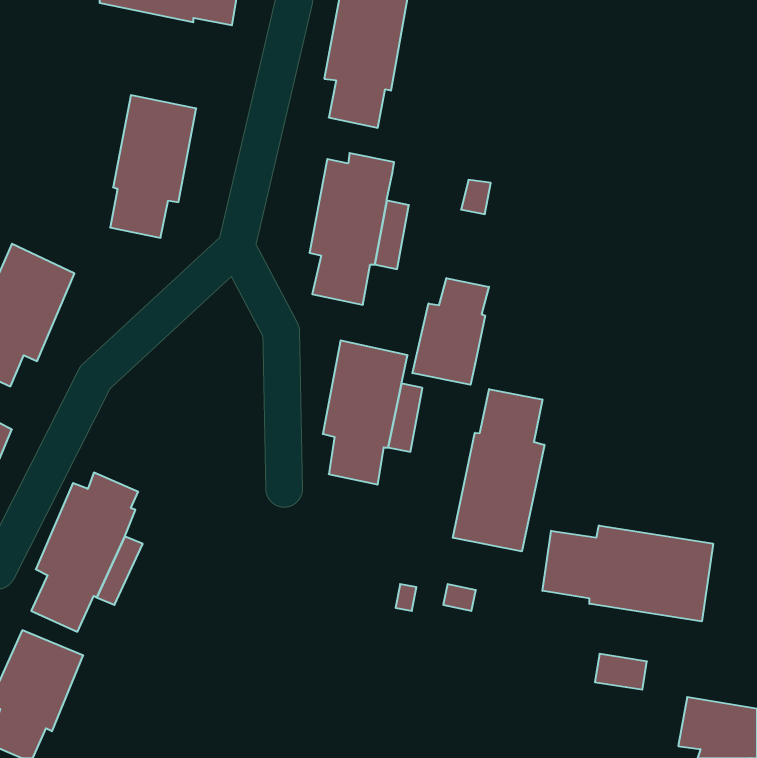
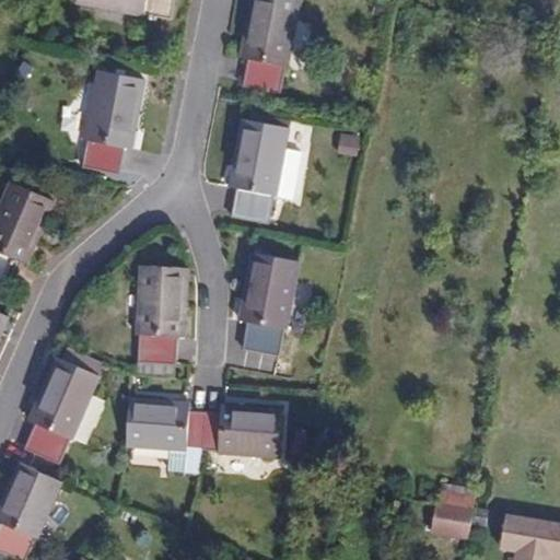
building: [412,278,489,385] -> none
building: none -> [135,265,188,375]
building: [453,389,544,551] -> none
building: [542,525,713,621] -> none
building: none -> [124,397,280,474]
building: none -> [429,502,472,538]

